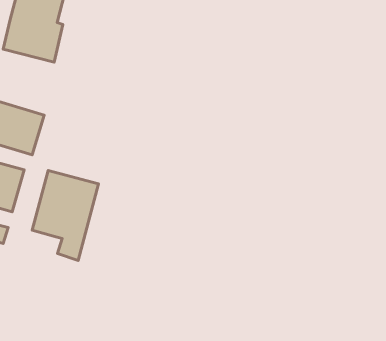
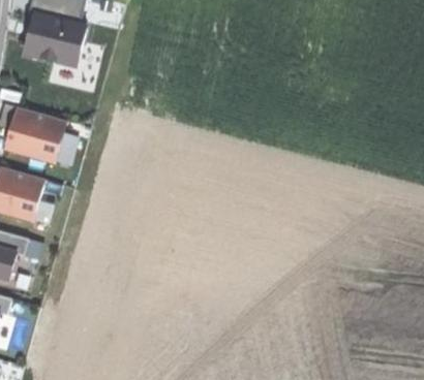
building: [32,170,99,260] -> none

